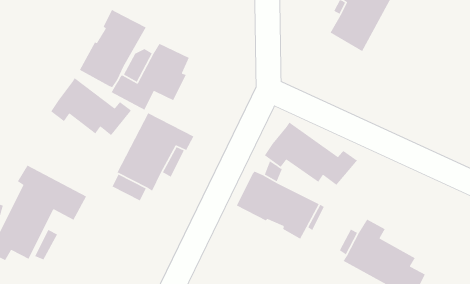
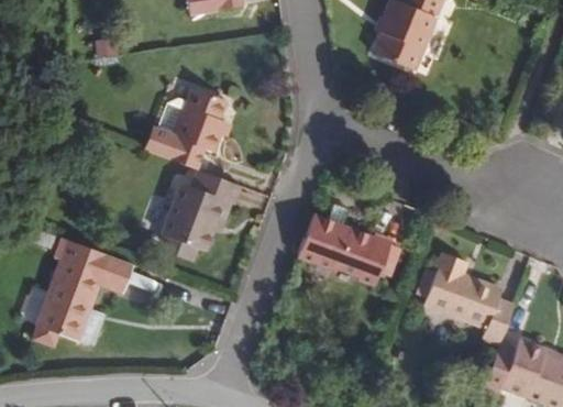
building: [79,9,147,88] -> none
building: [50,77,132,136] -> none
building: [264,121,358,186] -> none

